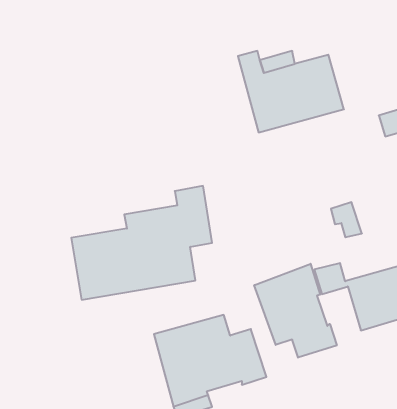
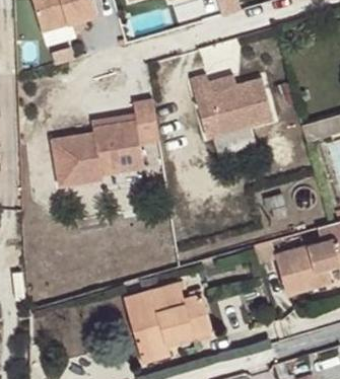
building: [71,186,212,300] -> [52,95,162,184]
building: [254,264,337,358] -> none

